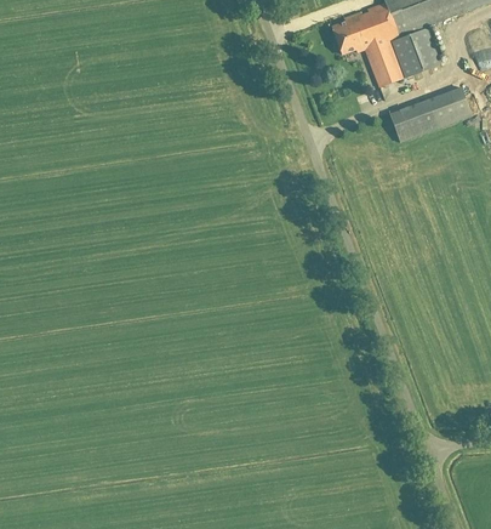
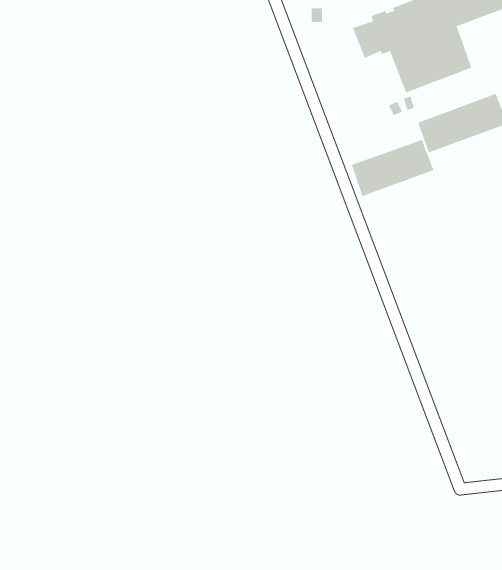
building: none -> [351,139,434,197]

